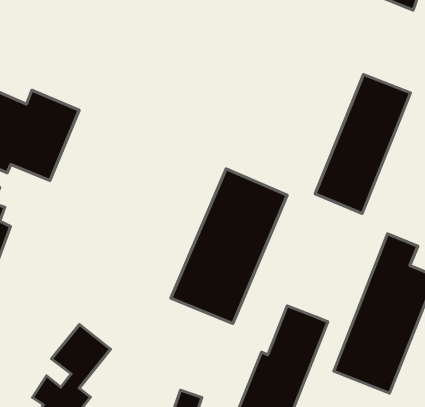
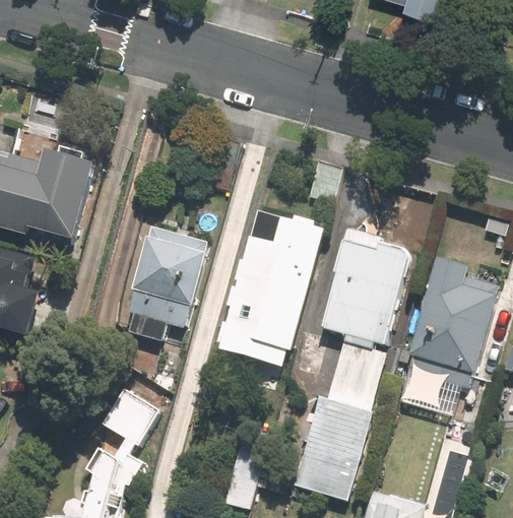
building: [315,74,410,214] -> none
building: none -> [124,223,205,340]
building: none -> [317,233,411,350]

